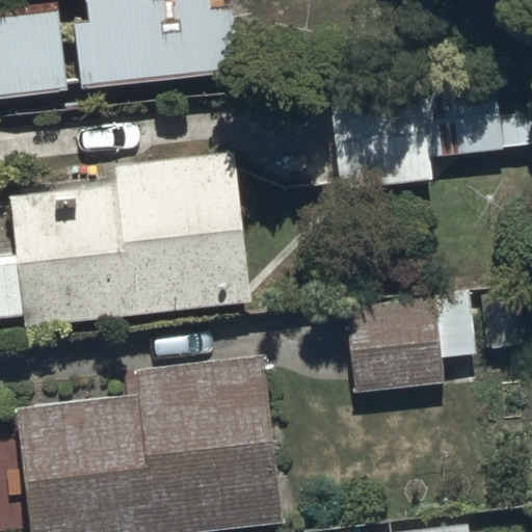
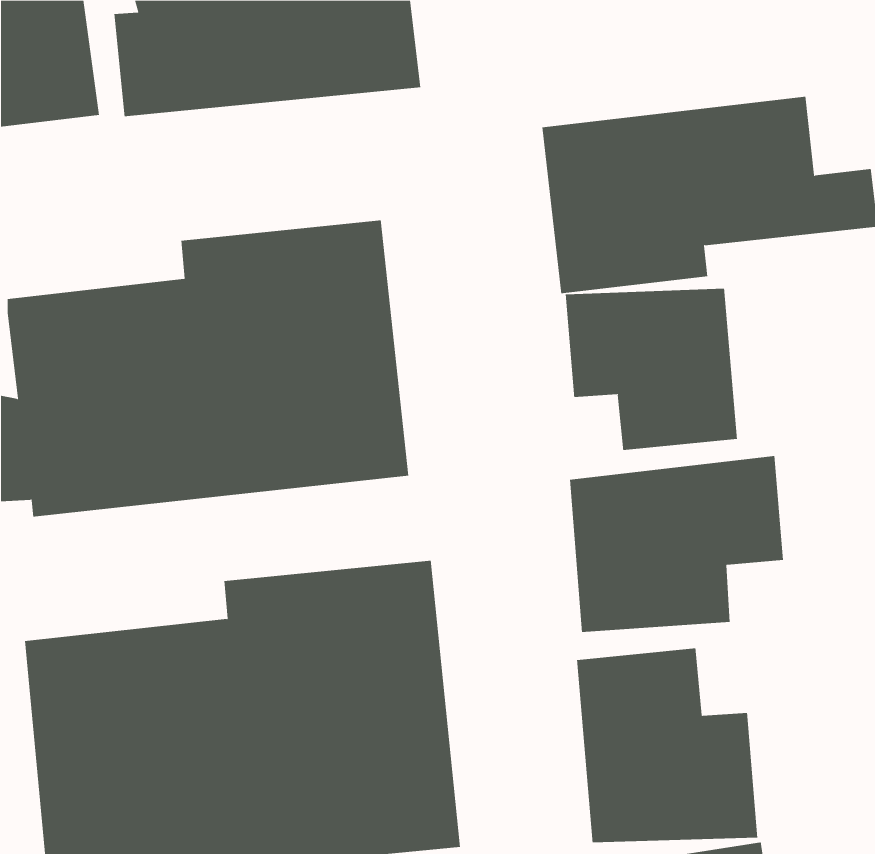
building: none -> [565,288,737,451]
building: none -> [577,647,758,843]

